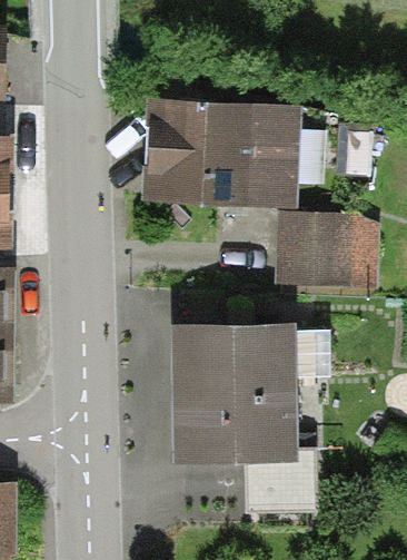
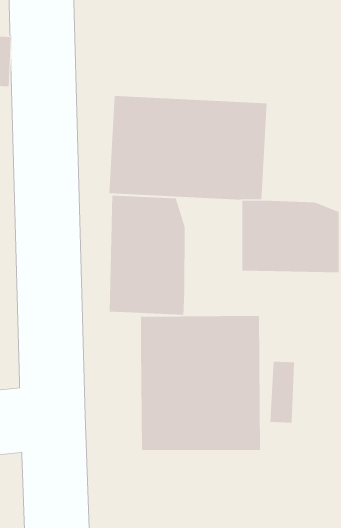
building: none -> [109,195,185,316]

